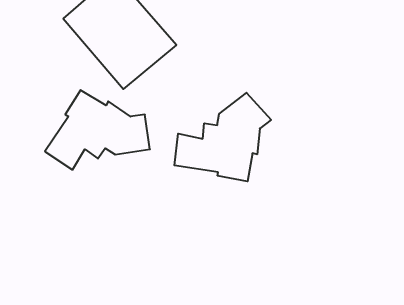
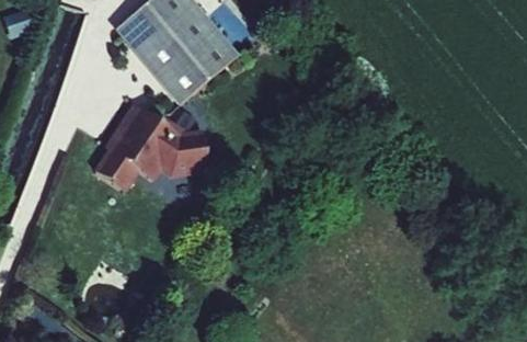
building: [174,93,271,181] -> none

